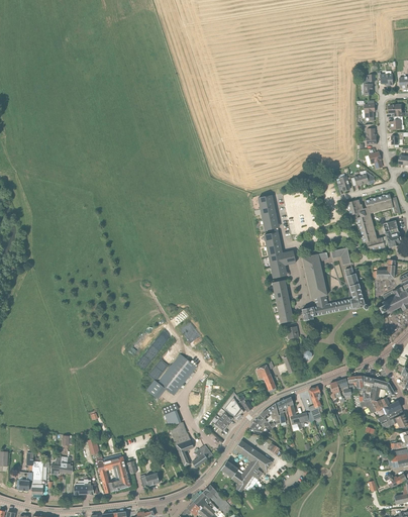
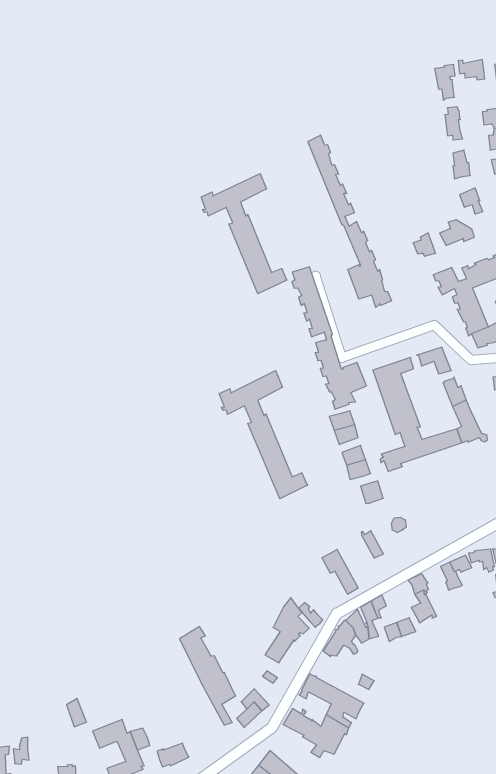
building: none -> [308,135,392,307]
building: none -> [201,174,287,294]
building: none -> [219,371,308,499]
building: [158,352,196,394] -> none

